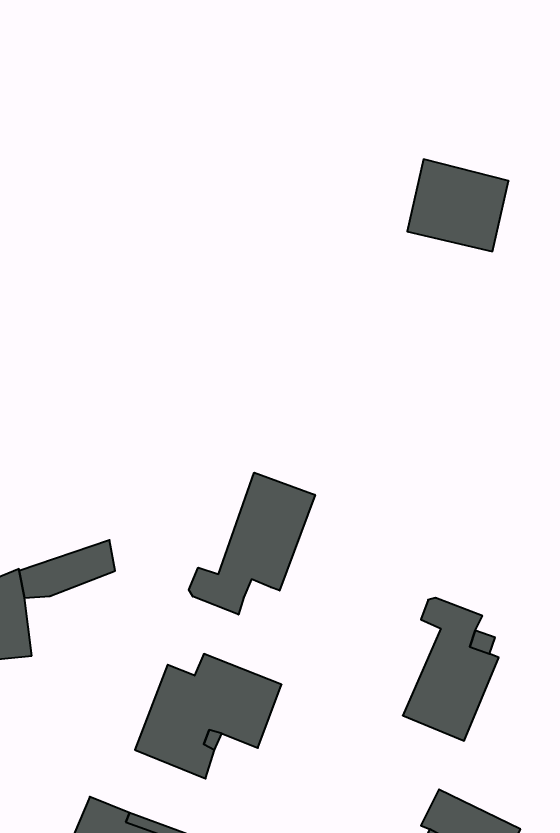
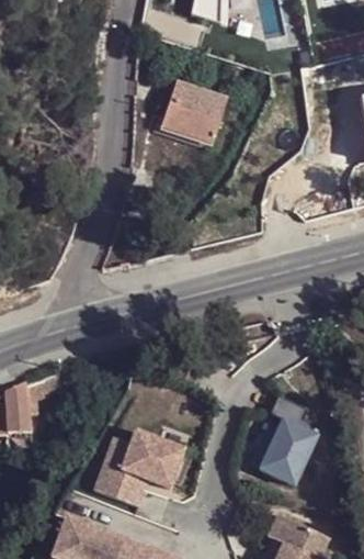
building: [407,159,509,251] -> [169,83,230,139]
building: [189,473,315,615] -> none

